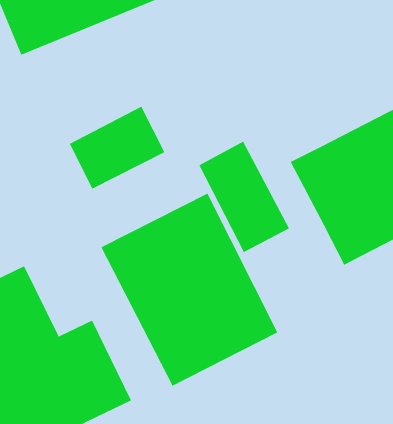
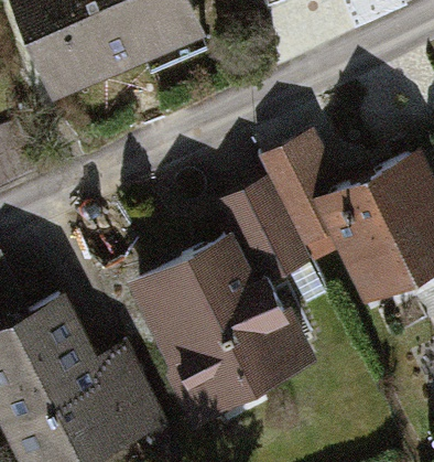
building: none -> [263,140,345,275]
building: [69,106,165,189] -> none

